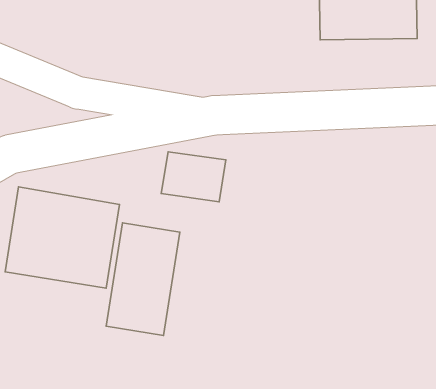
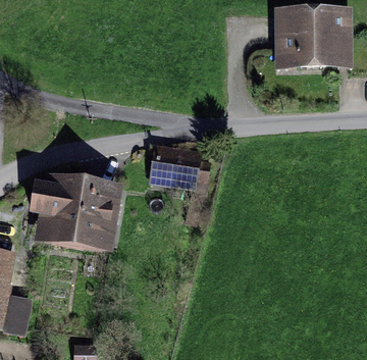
building: [106,223,180,336] -> none

